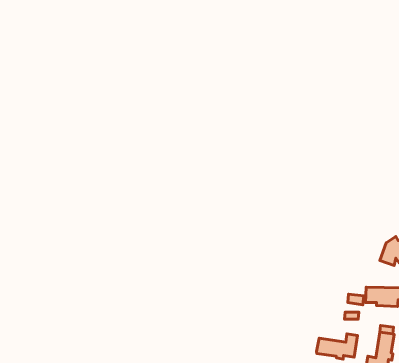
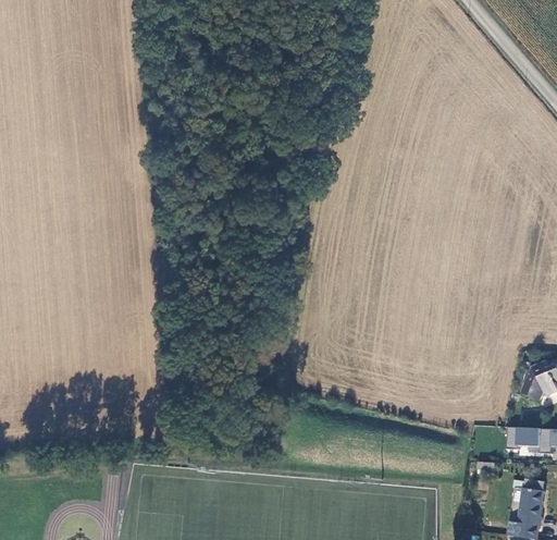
building: [317,334,358,359] -> none

